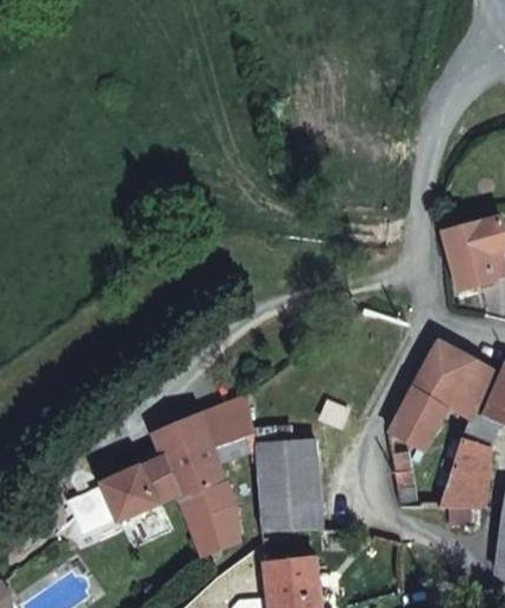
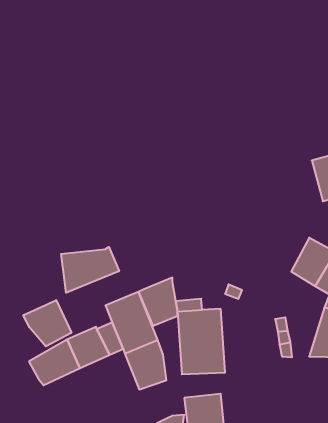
building: none -> [61,247,119,293]
building: [389,387,447,451] -> none
building: none -> [23,300,71,346]

